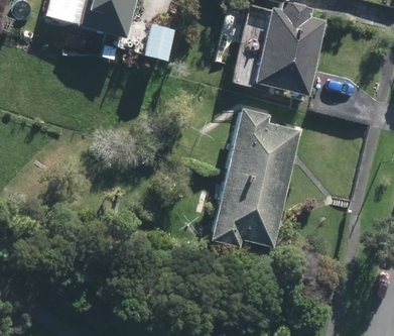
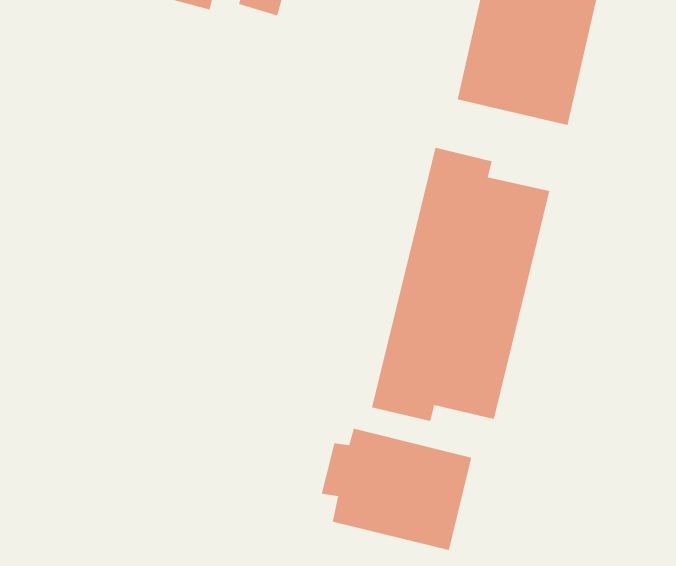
building: none -> [321,428,472,551]

